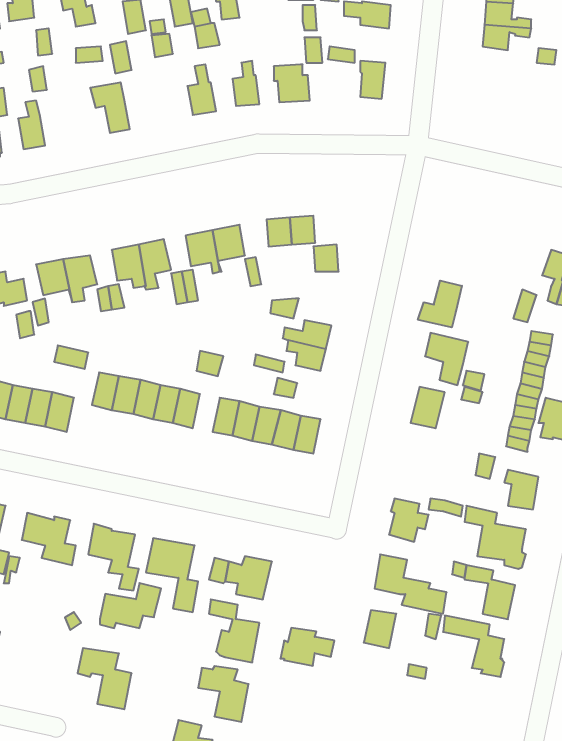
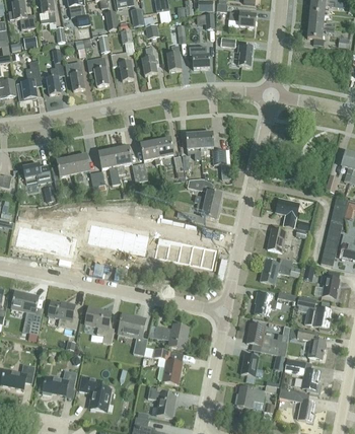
building: none -> [111,51,134,80]
building: none -> [65,61,85,90]
building: [418,281,462,327] -> none
building: none -> [260,258,300,283]
building: [100,583,161,628] -> [43,369,77,394]
building: [280,628,334,666] -> [234,385,265,407]
building: none -> [279,387,315,421]

